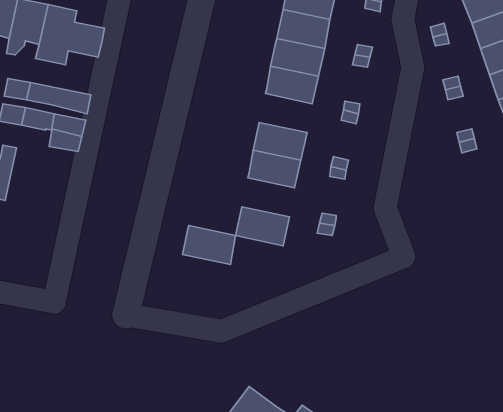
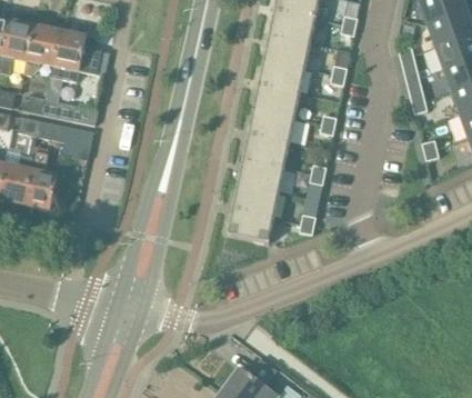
building: none -> [248,108,294,142]
building: none -> [23,150,57,208]
building: [183,226,235,265] -> [232,182,279,217]

